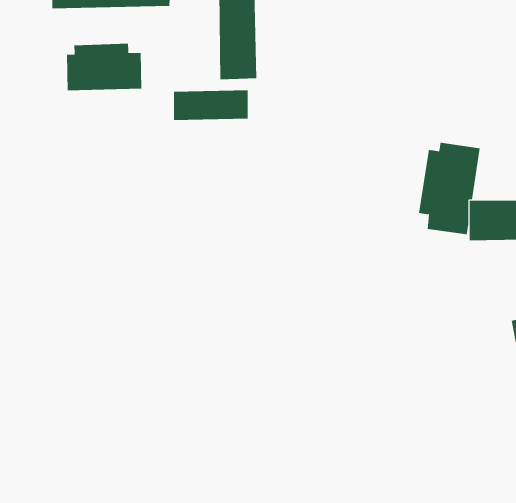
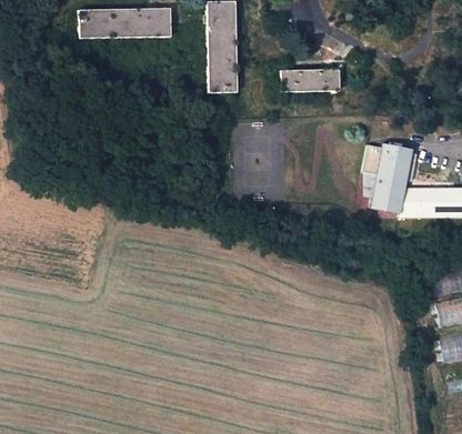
building: [67,43,142,91] -> none
building: [173,90,249,120] -> [281,70,339,93]

